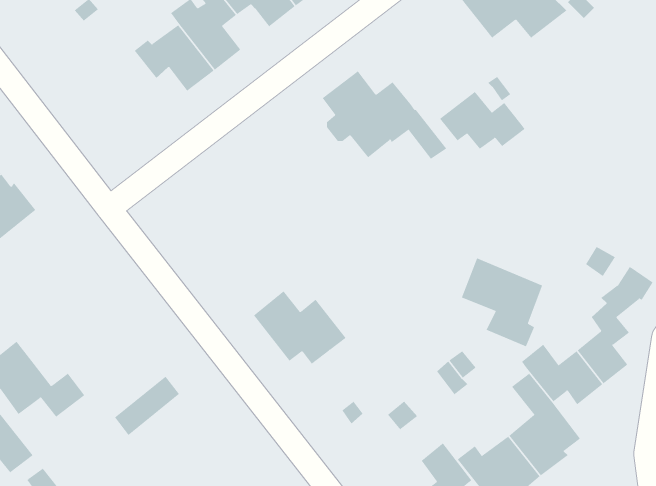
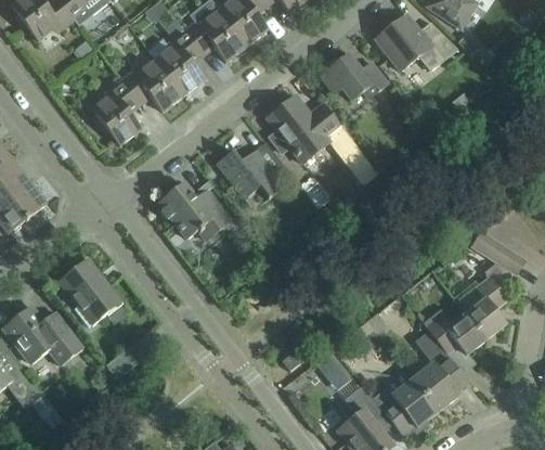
building: none -> [91,80,141,145]
building: [439,91,525,150] -> [320,54,387,100]
building: none -> [217,150,293,200]
building: [461,258,543,347] -> none
building: none -> [57,258,118,325]
building: [253,291,346,364] -> [158,183,231,241]

